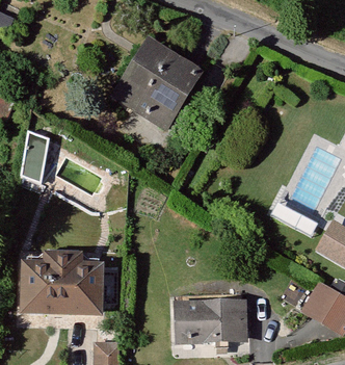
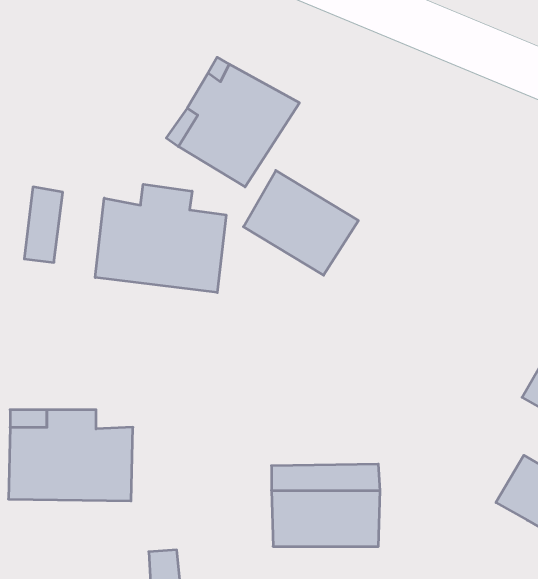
building: none -> [243,170,358,275]
building: none -> [95,184,226,293]

